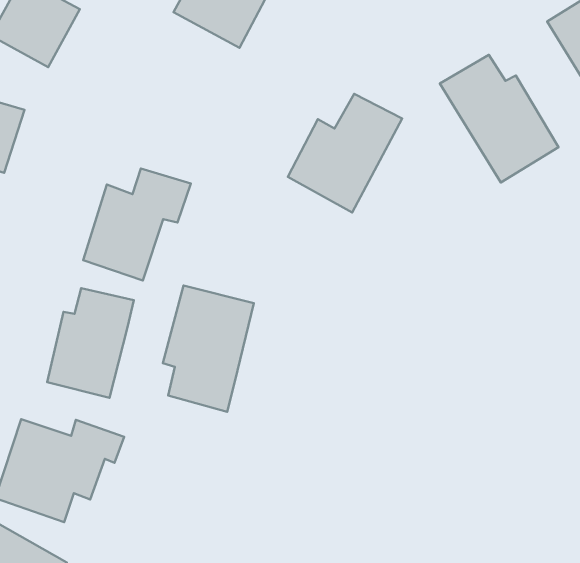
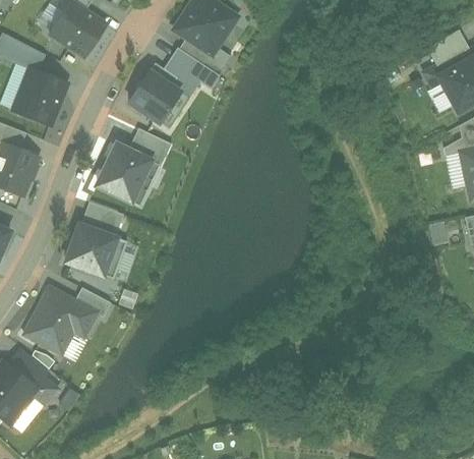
building: [440,55,559,183] -> none
building: [288,94,402,212] -> [129,49,208,126]
building: [163,285,254,412] -> none

